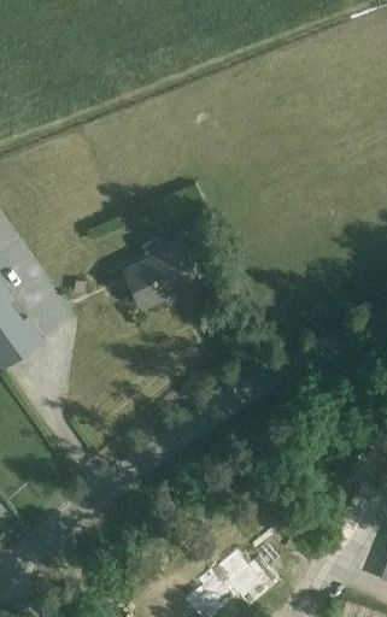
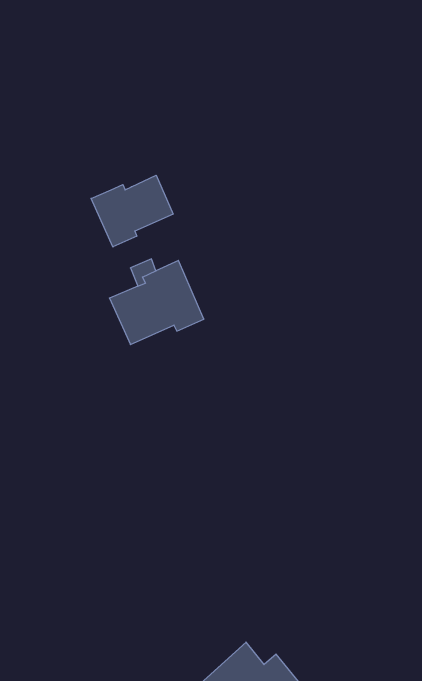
building: none -> [91,175,173,247]

